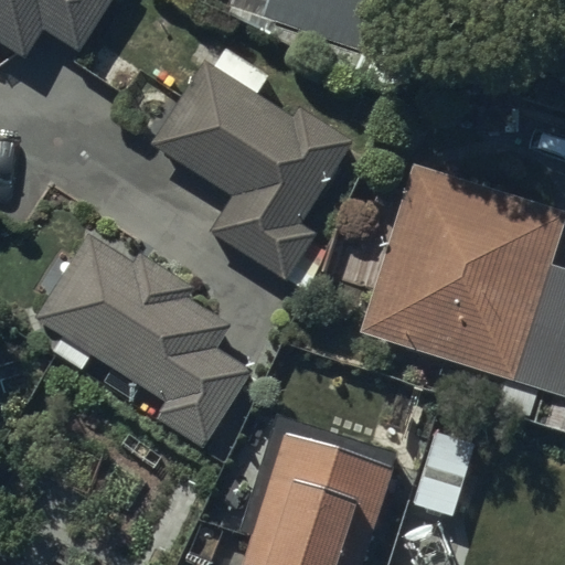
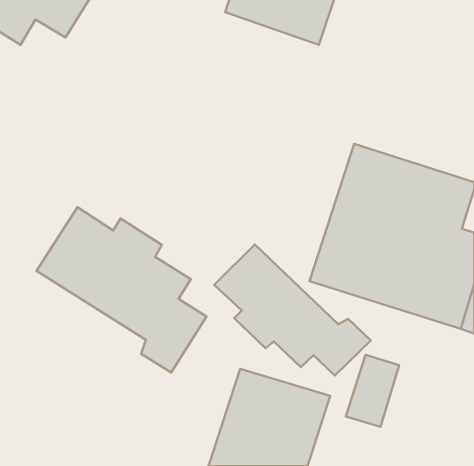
building: [160,74,349,274] -> none
building: none -> [214,244,371,376]

